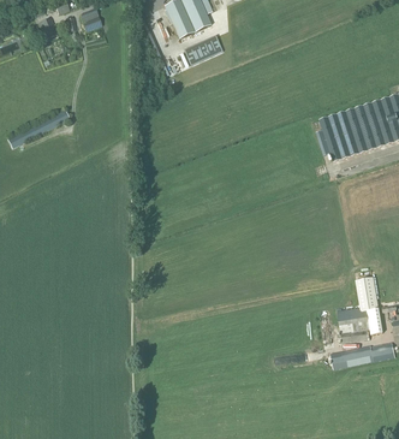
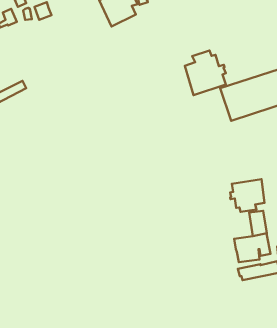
building: none -> [185,50,226,95]
building: none -> [230,179,265,212]

